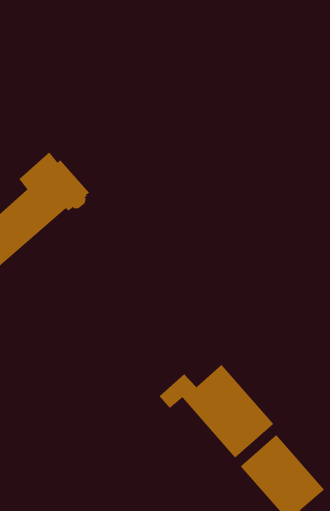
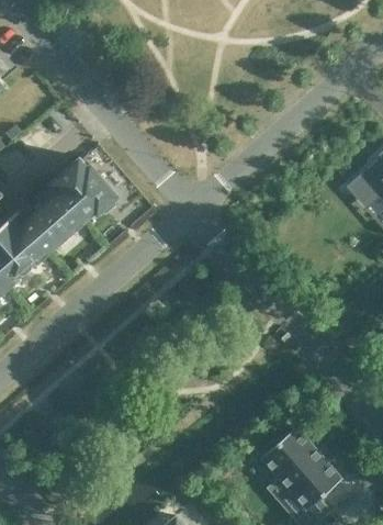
building: [159,364,274,458] -> none

